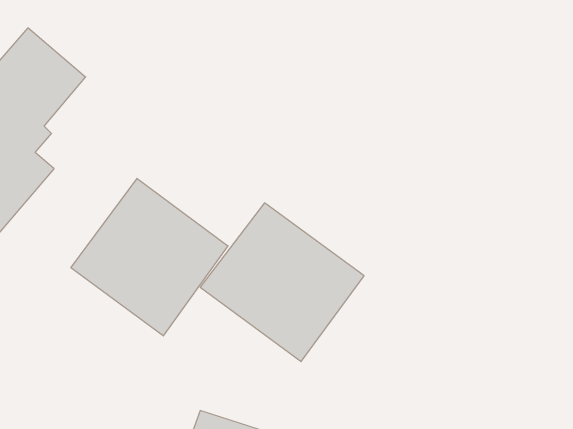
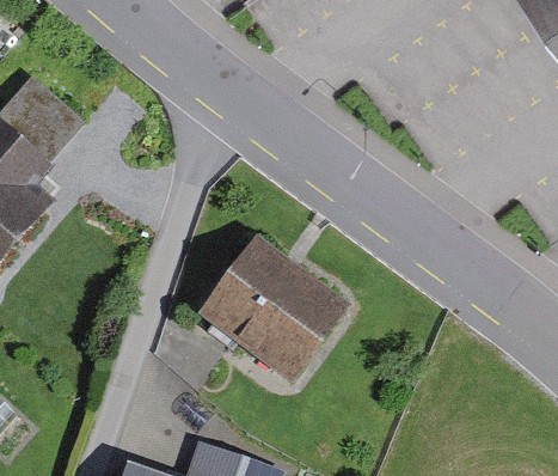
building: [71,178,228,336] -> none

